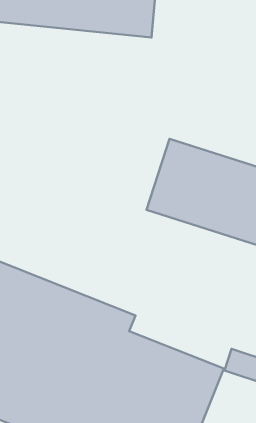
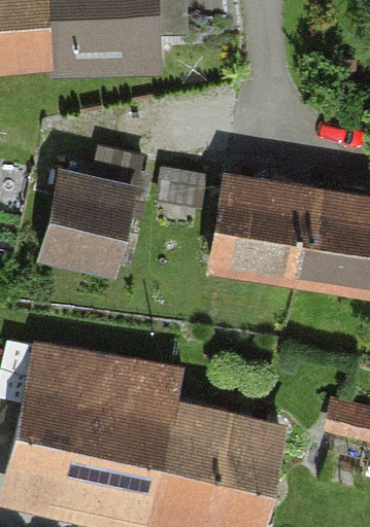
building: none -> [45,180,142,271]

